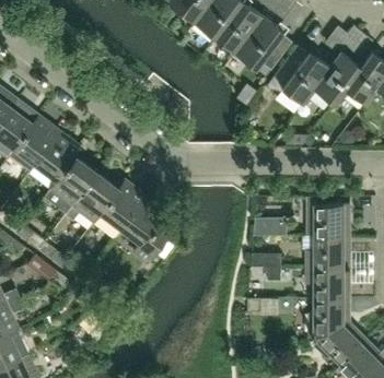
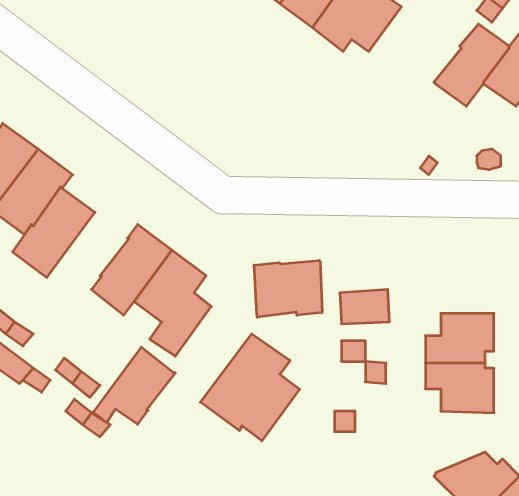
building: [265,45,329,104] -> none
building: [65,172,117,221] -> [93,347,175,424]
building: [306,197,350,236] -> none
building: none -> [254,260,322,317]
building: none -> [200,334,300,441]
building: [311,298,350,338] -> none

